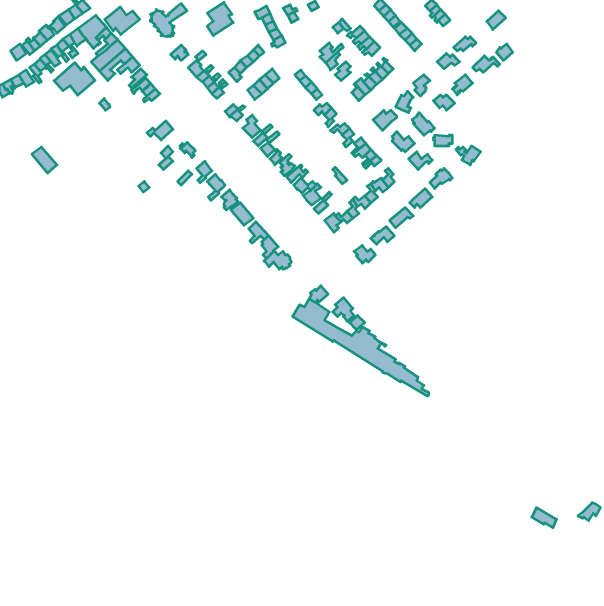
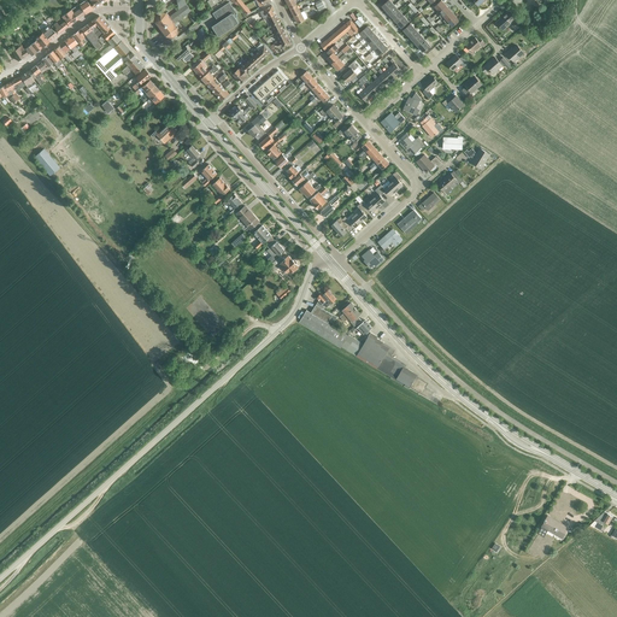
building: [105,7,140,35] -> none
building: [54,63,95,95] -> none

